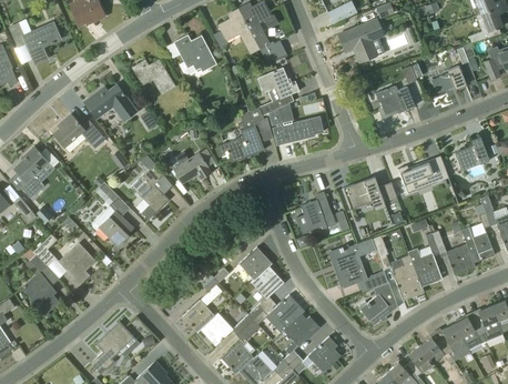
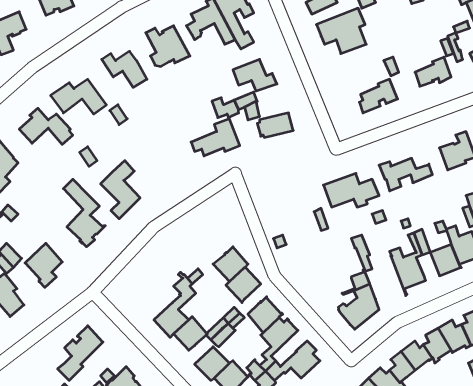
building: [173,151,211,183] -> none
building: [301,192,336,228] -> none
building: [329,246,363,287] -> none
building: [392,255,423,300] -> none

